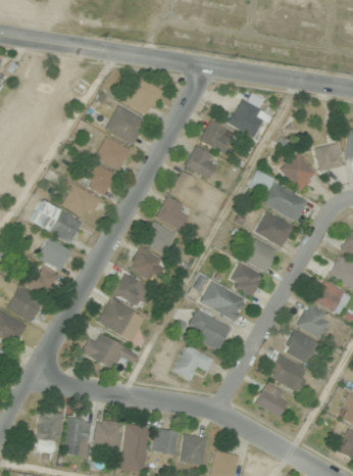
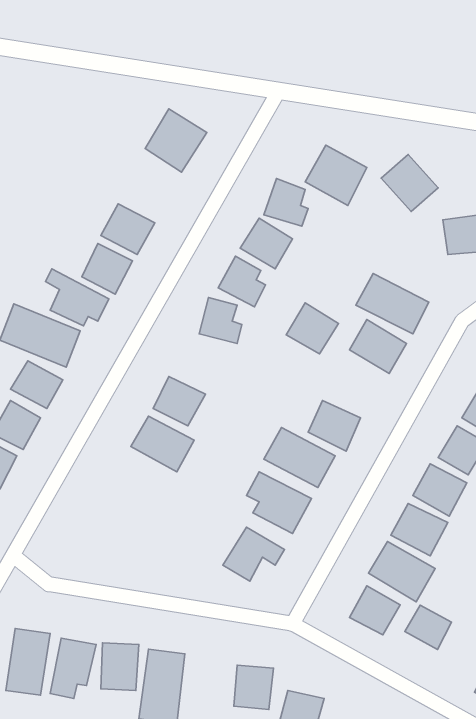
building: [106,106,146,144] -> none
building: [281,153,317,190] -> [381,154,438,211]
building: [143,222,176,253] -> none
building: [244,238,278,271] -> [286,303,339,354]
building: [99,298,136,334] -> none
building: [82,335,140,369] -> none
building: none -> [405,605,452,649]
building: [155,429,176,451] -> none

